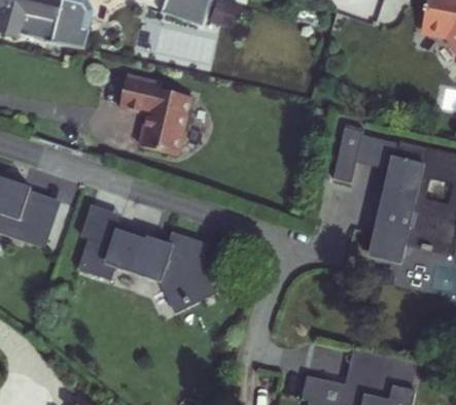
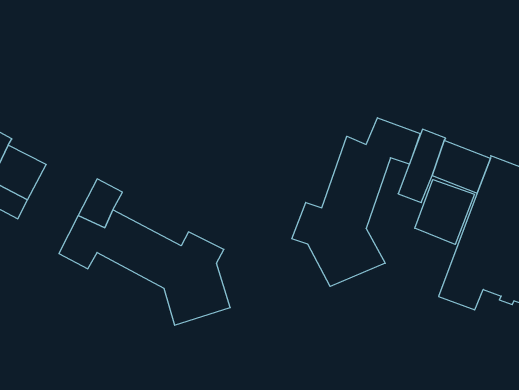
building: [124,74,196,159] -> none
building: none -> [292,118,420,286]
building: none -> [415,180,475,244]

